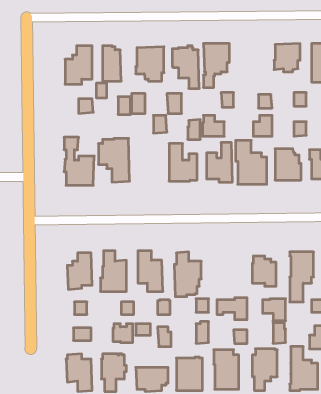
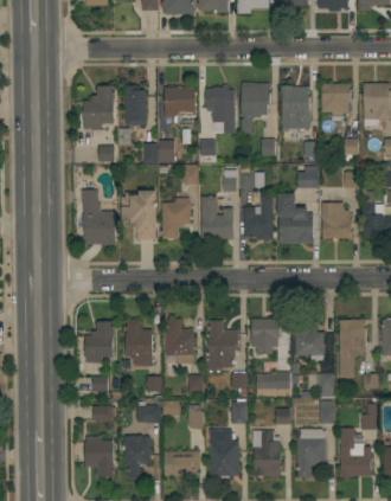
building: none -> [282,85,310,128]
building: none -> [162,198,191,238]
building: none -> [251,319,281,354]

